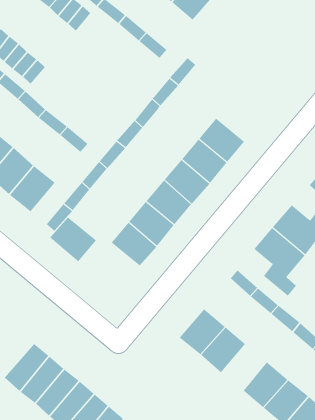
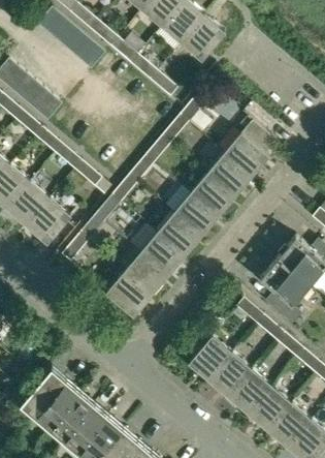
building: none -> [224,119,277,176]
building: [49,217,97,262] -> [106,272,152,315]
building: none -> [229,369,272,414]

